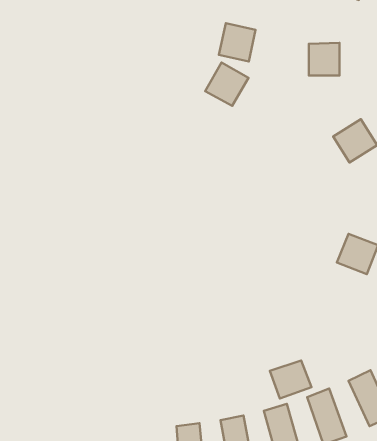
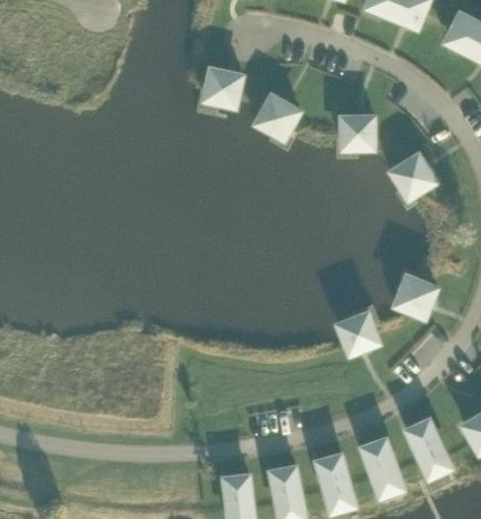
building: [219,23,255,61] -> [203,66,241,106]
building: [309,43,339,76] -> [340,114,373,148]
building: none -> [336,310,379,354]
building: [270,360,311,399] -> none

